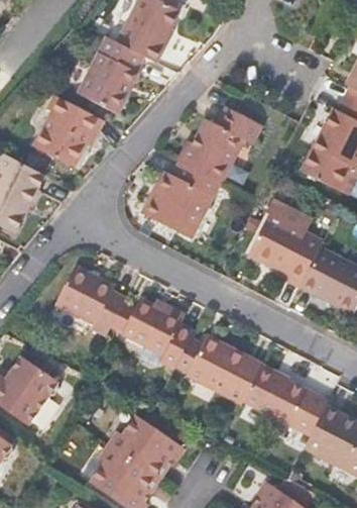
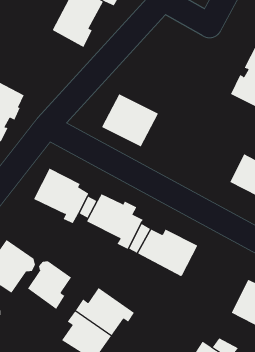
building: [32,94,103,168] -> none
building: [170,101,262,183] -> none
building: [248,214,323,288] -> none
building: [243,364,308,425] -> none
building: none -> [27,261,72,310]

